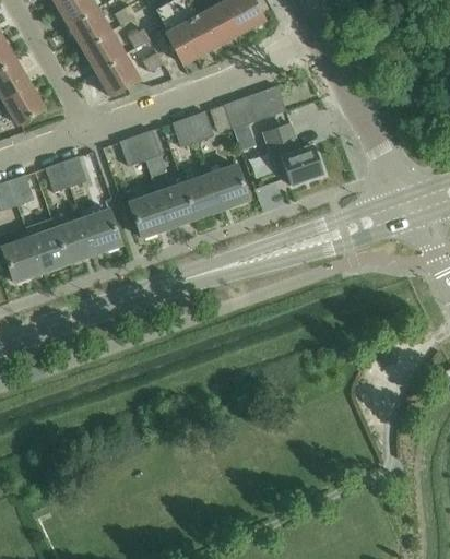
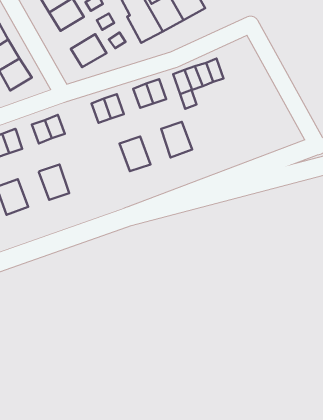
building: [82,33,126,73] -> none
building: [264,124,323,185] -> none
building: [182,174,221,218] -> none
building: [129,192,169,237] -> none
building: [81,210,120,254] -> none
building: [25,217,68,272] -> none

